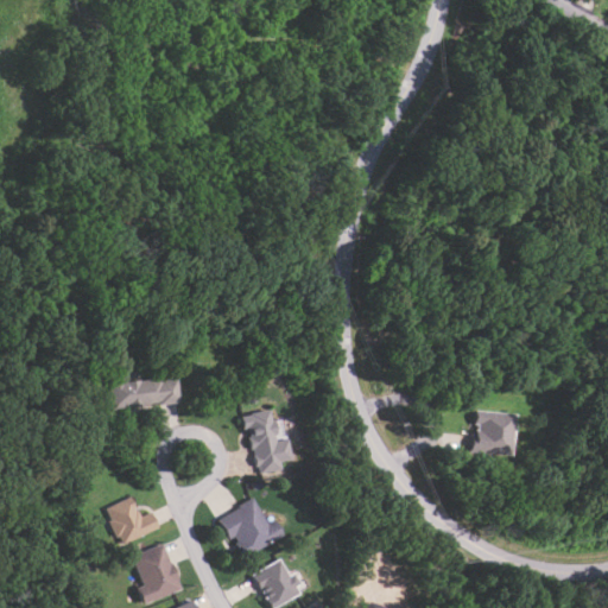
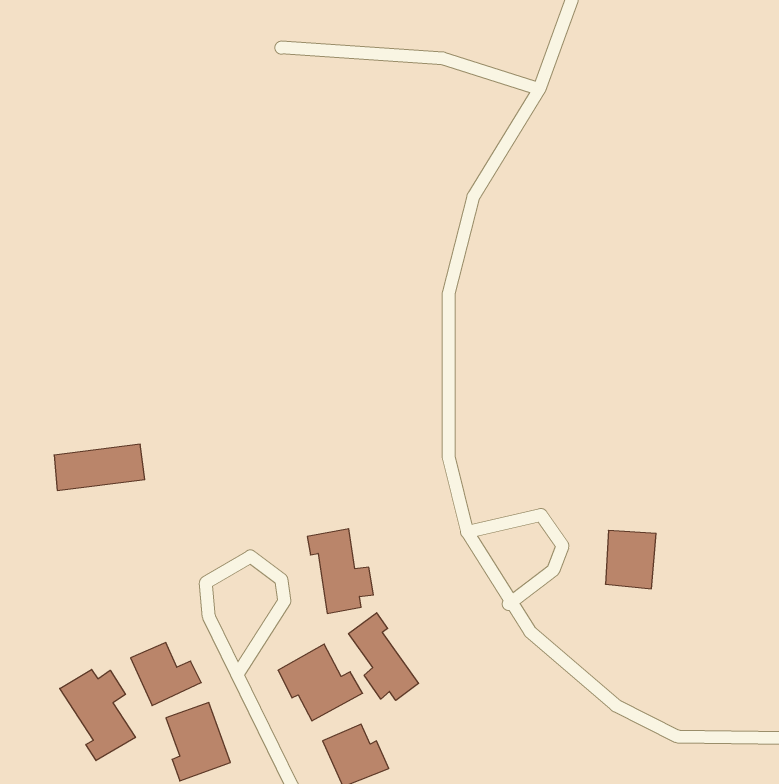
building: [112,374,182,410] -> [54,444,145,490]
building: none -> [349,613,419,700]
building: none -> [60,669,135,761]

